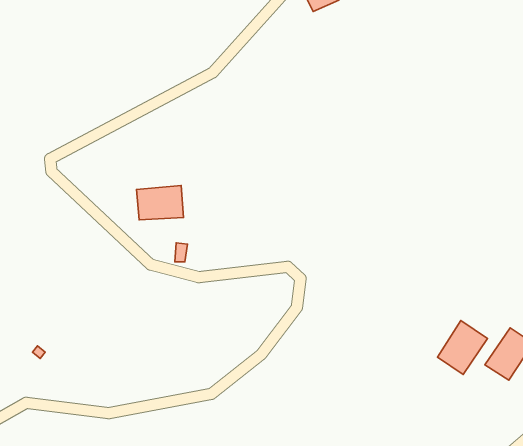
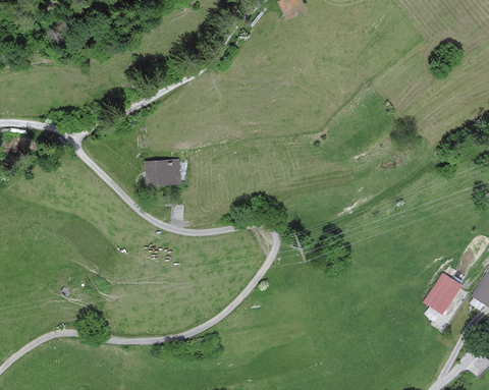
building: [437,321,487,374] -> none

